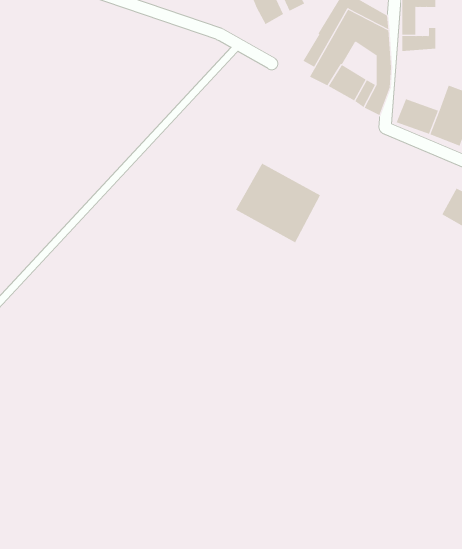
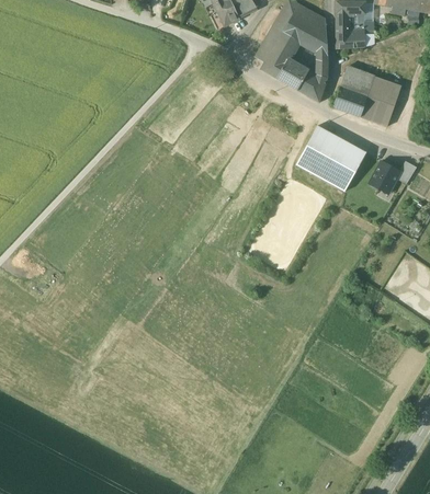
building: none -> [340,66,375,96]
building: [235,163,321,243] -> [296,125,366,191]

